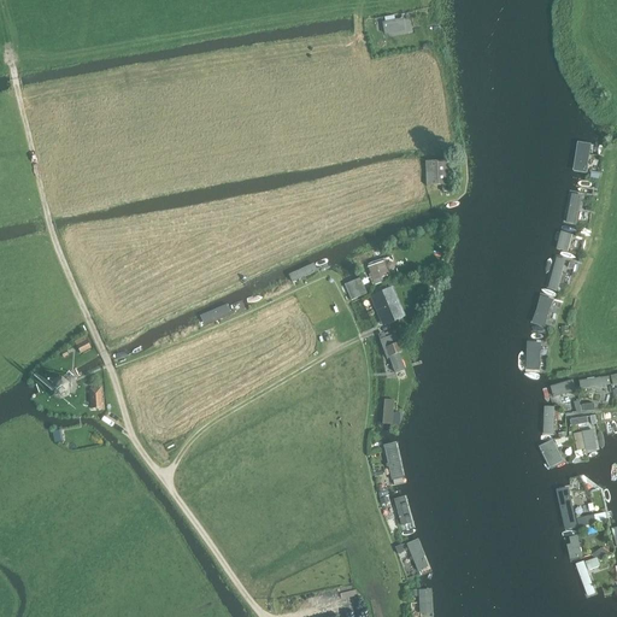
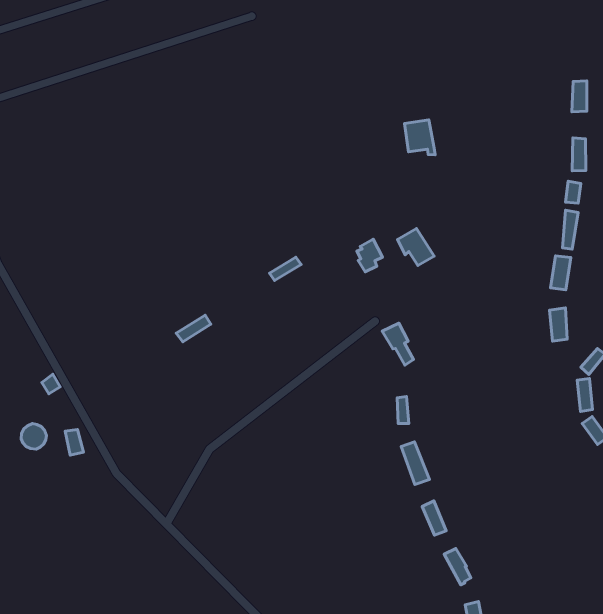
building: [371,288,401,321] -> [398,229,434,265]

